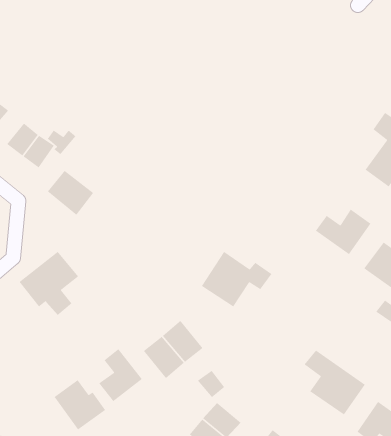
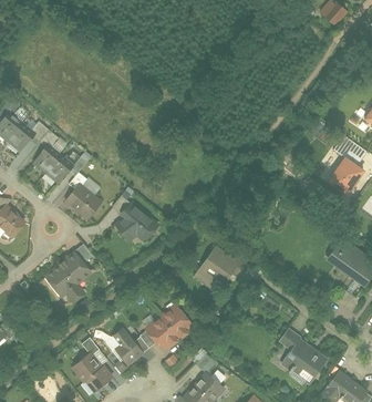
building: none -> [108,200,158,244]
building: [315,209,372,255] -> none

